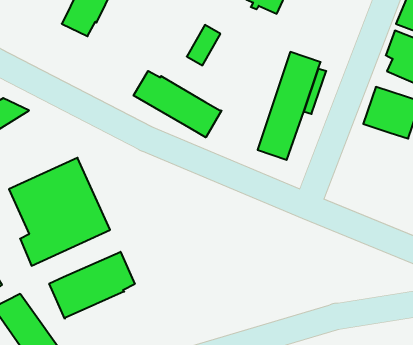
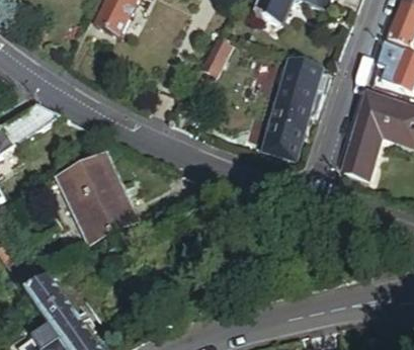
building: [134,71,222,137] -> none
building: none -> [337,124,384,197]
building: [49,252,135,319] -> none

